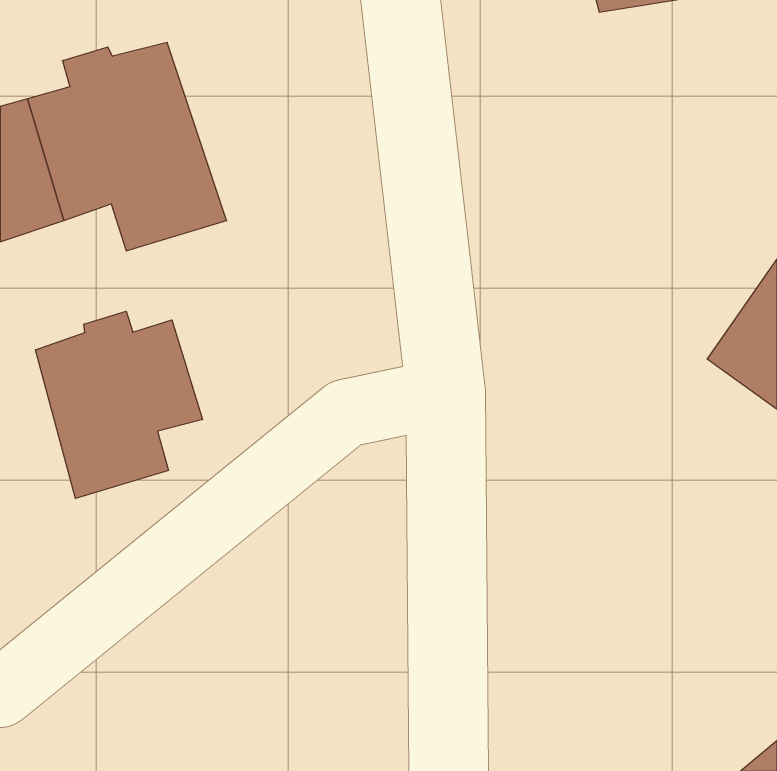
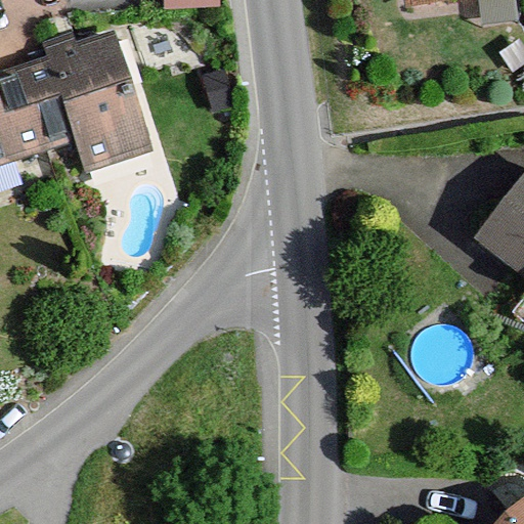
building: [36,311,202,498] -> none

